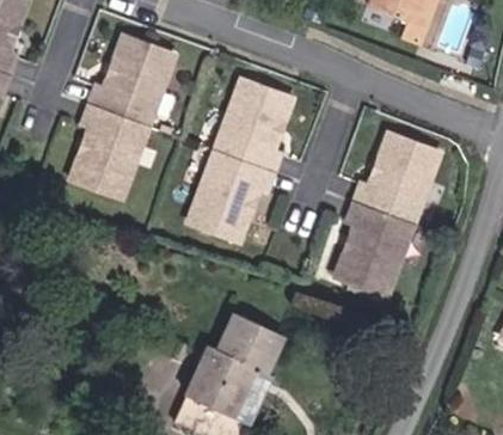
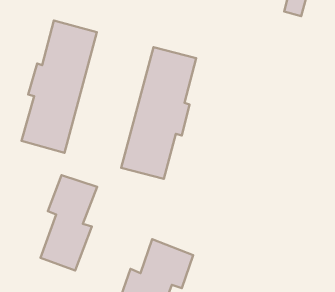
building: [341,125,441,287] -> none
building: none -> [40,175,97,270]

